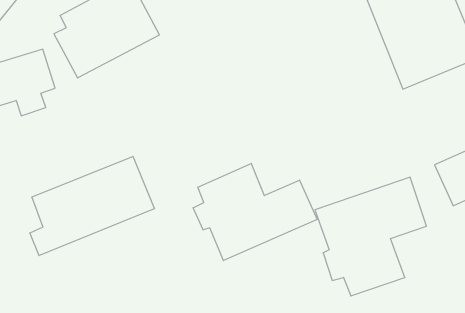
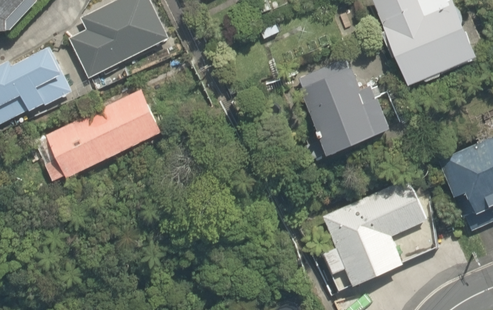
building: none -> [294,54,382,162]
building: [30,156,155,256] -> [41,85,163,182]
building: [193,163,317,261] -> none

